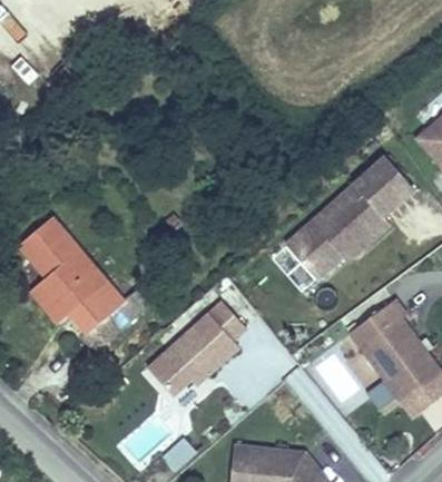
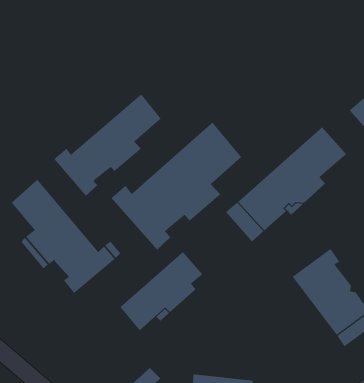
building: none -> [53,94,162,197]
building: none -> [111,122,242,251]

